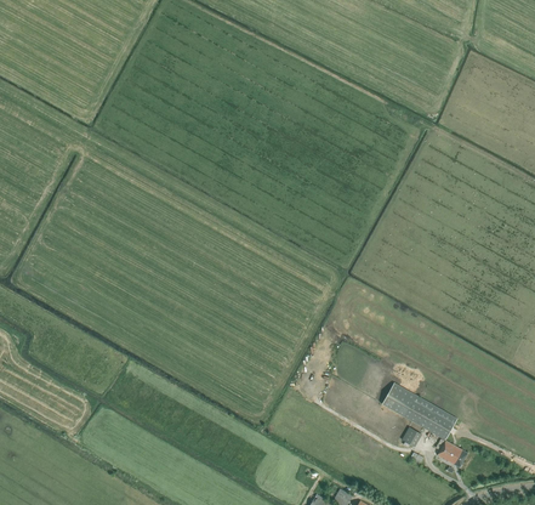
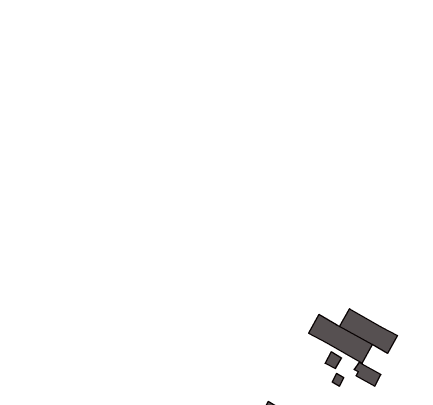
building: none -> [340,309,397,353]

